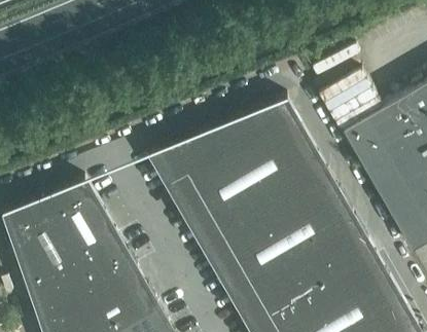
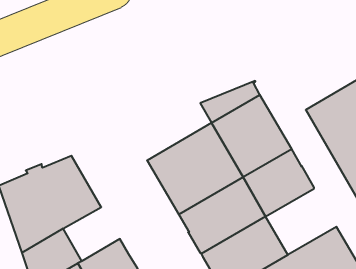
building: [149,120,239,186] -> none
building: [298,217,377,290] -> none
building: [75,237,138,297] -> none

